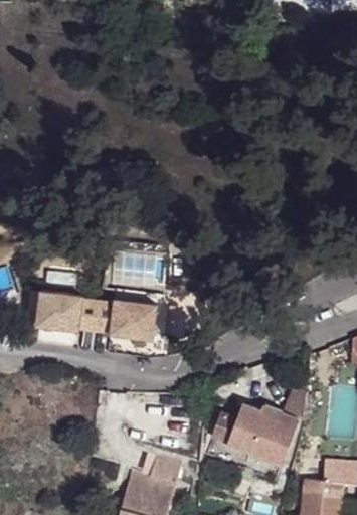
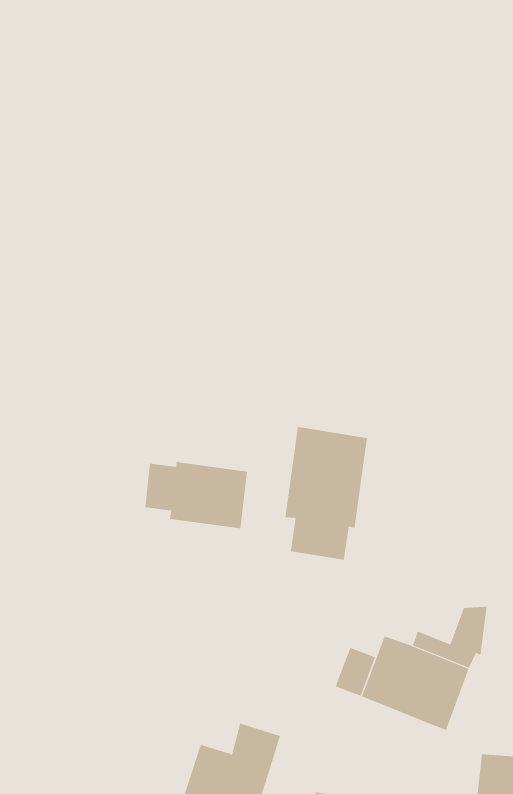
building: none -> [285,426,367,561]
building: [35,291,99,332] -> none

